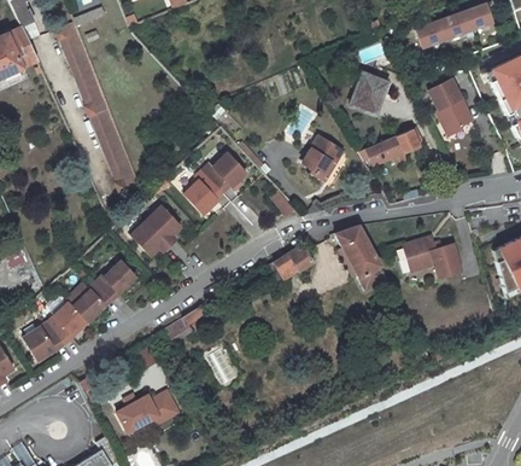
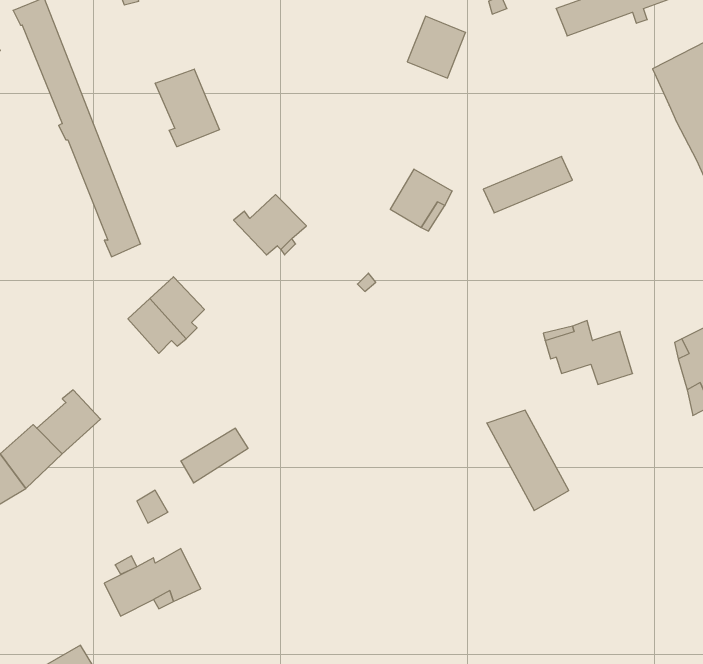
building: none -> [155,69,219,147]
building: [350,72,388,113] -> [407,16,466,78]
building: [429,78,473,135] -> none
building: [182,169,222,216] -> none
building: [334,225,388,291] -> [487,410,569,511]
building: [274,247,312,280] -> none
building: [94,260,136,301] -> none

